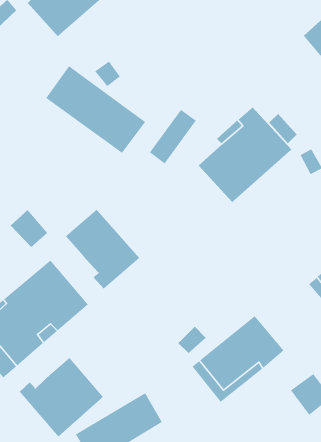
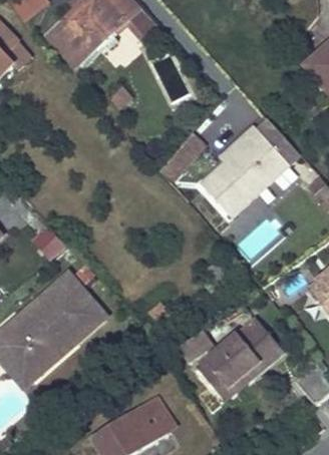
building: [45,65,146,154] -> none
building: [65,209,140,289] -> none
building: [19,357,104,438] -> none

